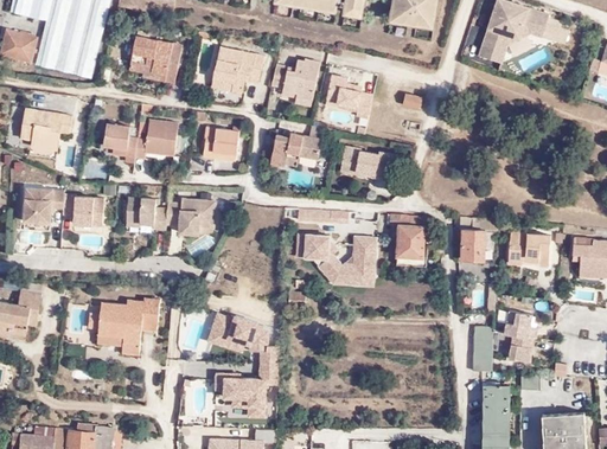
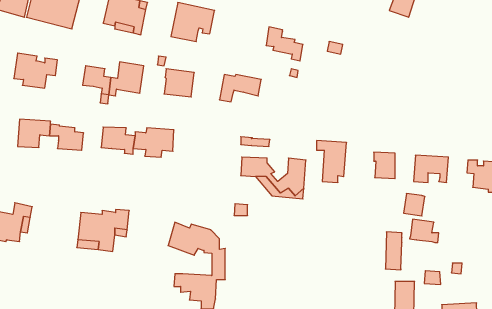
building: [270,59,320,102] -> none
building: [340,146,392,180] -> none
building: [507,335,533,363] -> [404,194,425,216]

